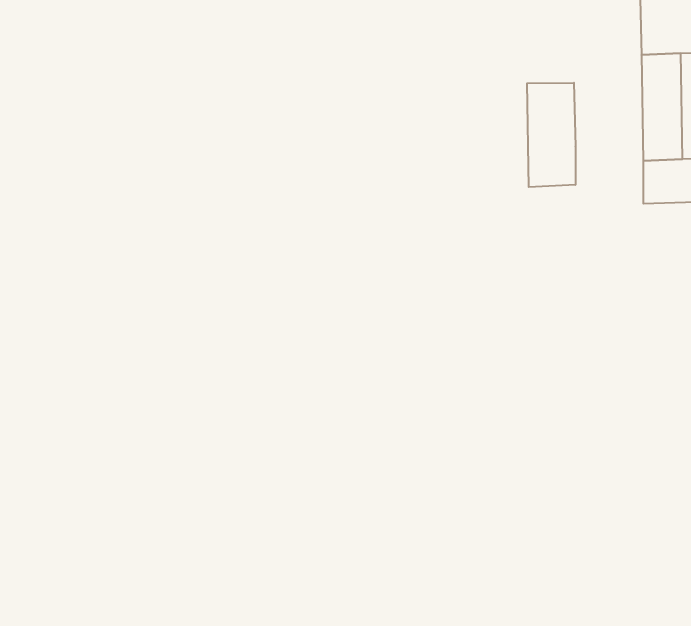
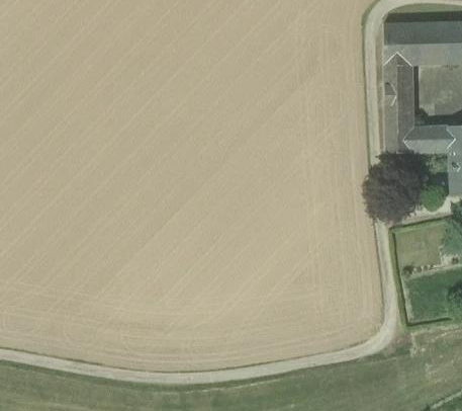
building: [527,83,575,187] -> none

